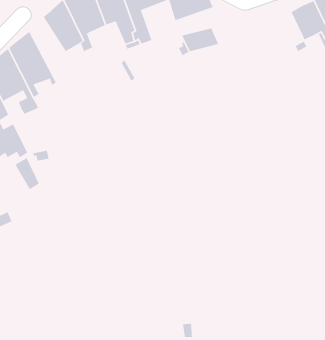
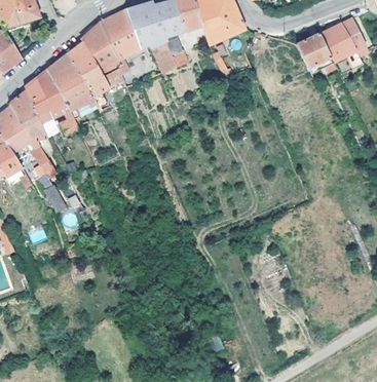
building: none -> [297,34,331,68]
building: none -> [67,41,123,112]

